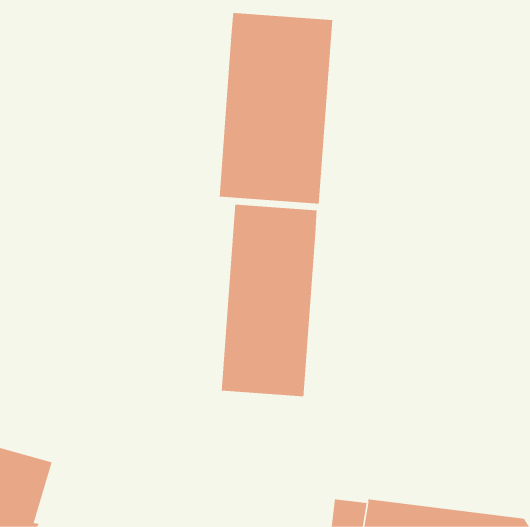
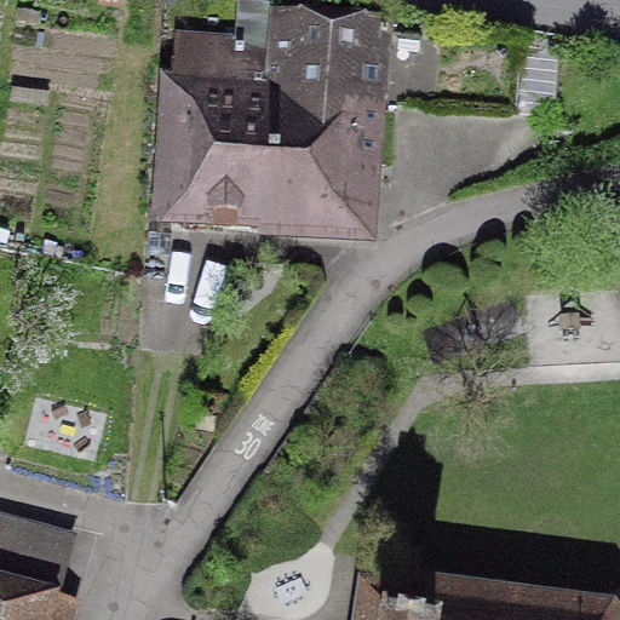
building: none -> [153,34,266,228]
building: [221,204,317,397] -> none

